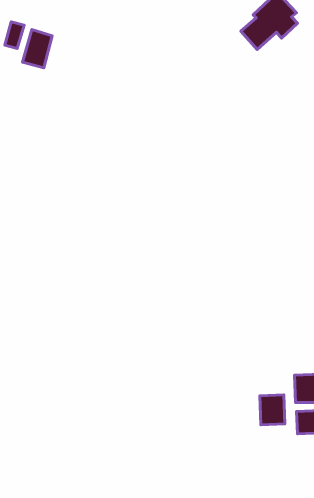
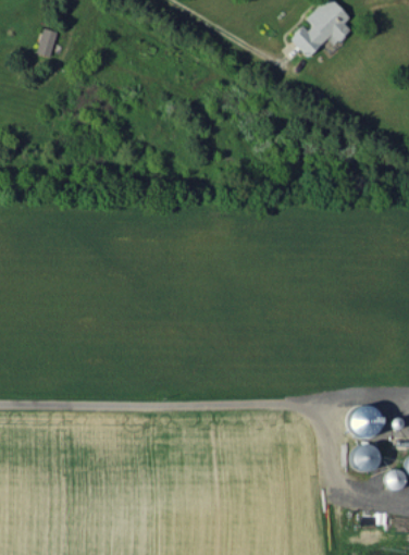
building: [23,29,52,68] -> none
building: [260,395,285,425] -> none

